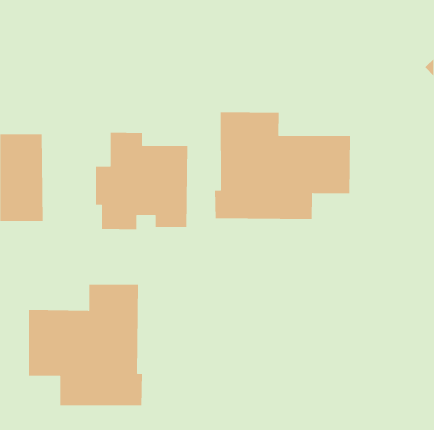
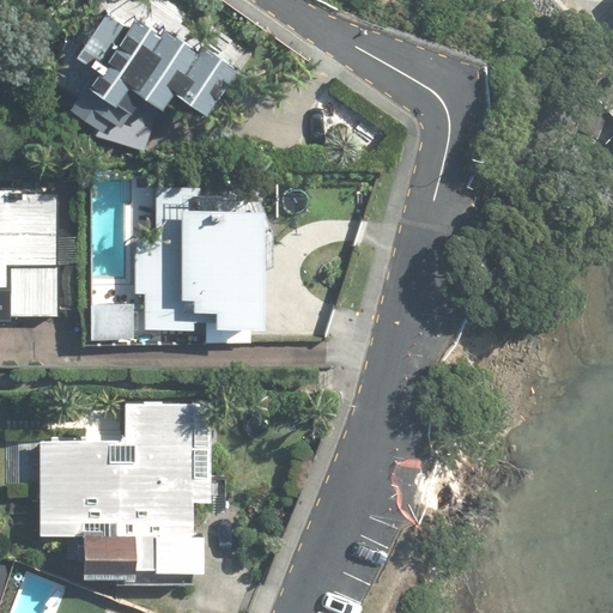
building: none -> [69,13,235,133]
building: [214,111,351,220] -> none

